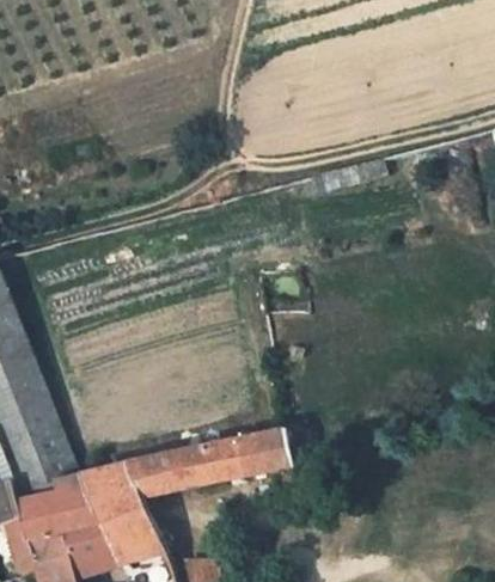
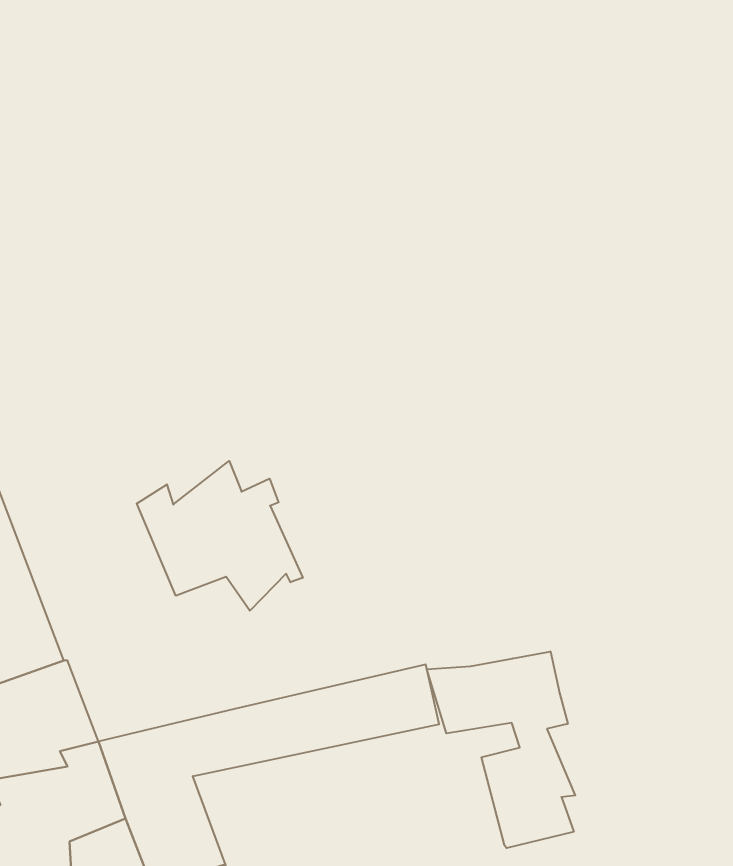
building: none -> [137,461,303,611]
building: none -> [427,651,575,848]

